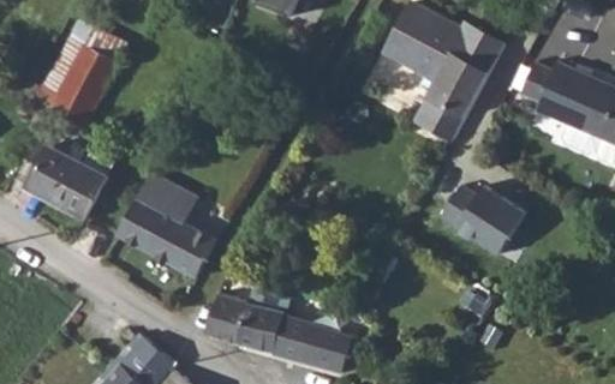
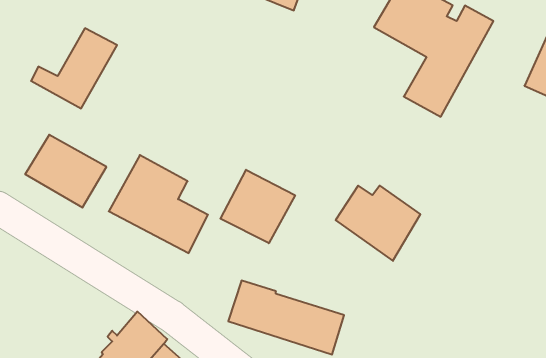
building: [444,185,530,260] -> [336,186,420,261]
building: none -> [220,170,295,243]
building: [202,286,245,338] -> none

